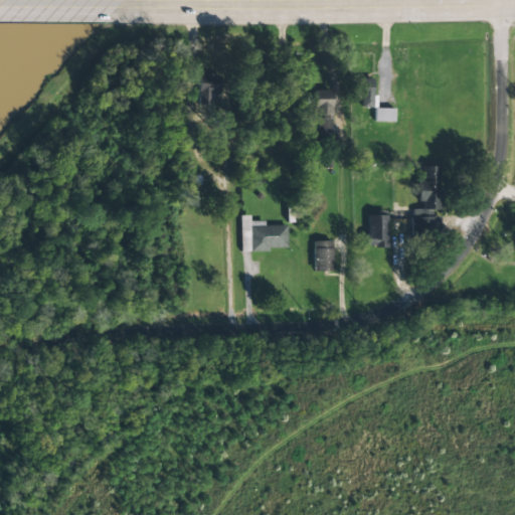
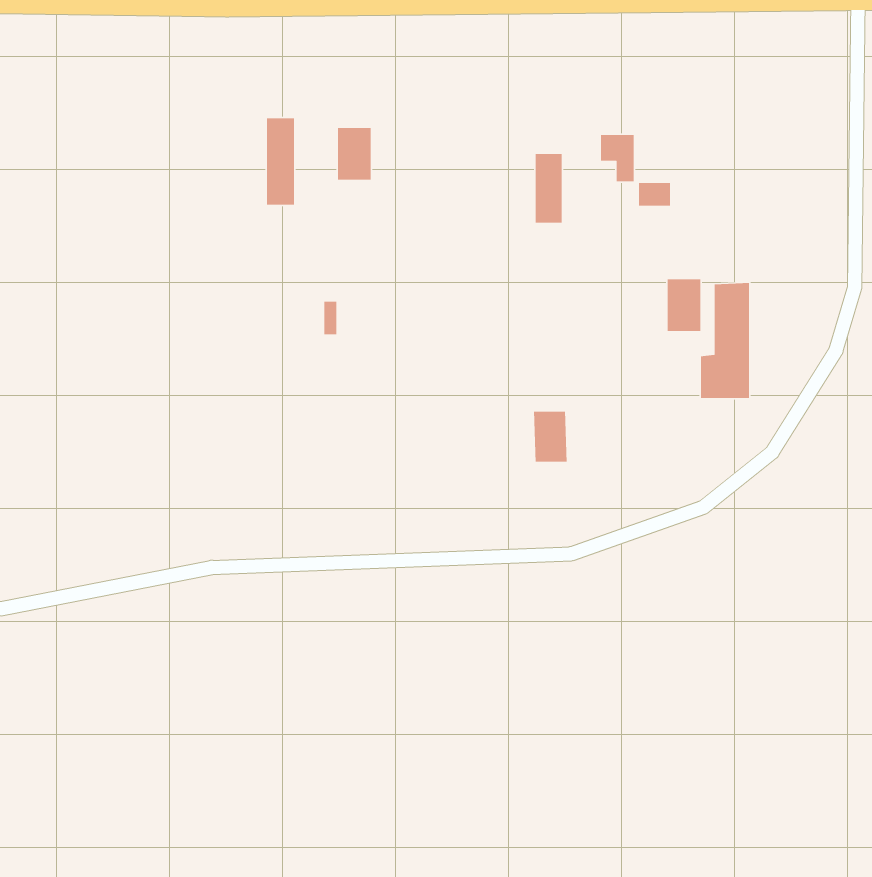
building: none -> [266,118,295,206]
building: [368,214,388,245] -> [667,278,701,332]
building: [242,215,289,249] -> none

